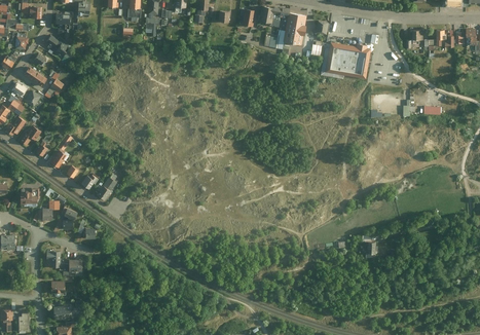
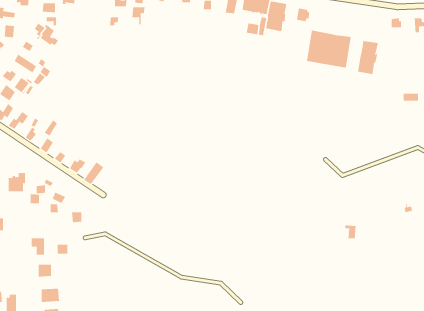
building: none -> [358,40,378,75]

